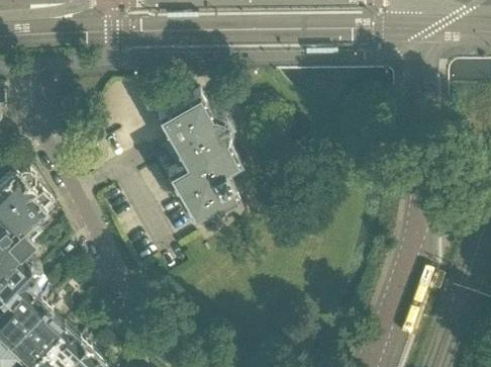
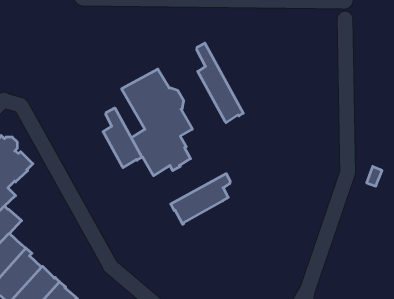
building: none -> [197,43,243,123]
building: none -> [103,108,142,168]
building: none -> [171,174,230,224]

